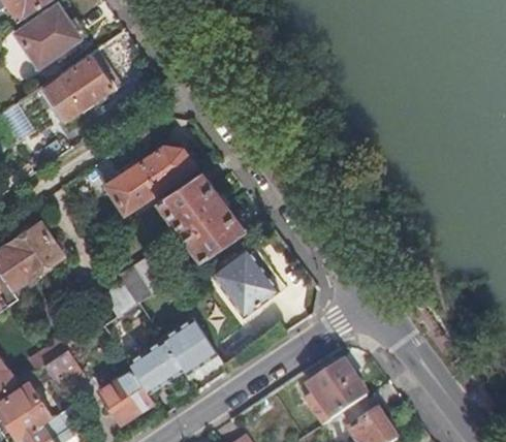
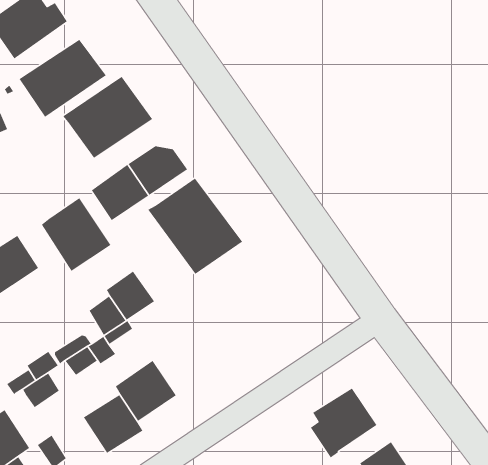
building: none -> [62,76,153,159]
building: none -> [41,197,112,272]
building: [212,248,278,316] -> none
building: [162,316,217,375] -> none

